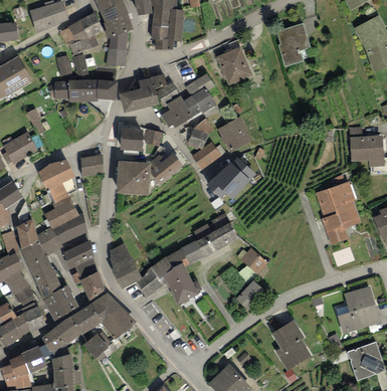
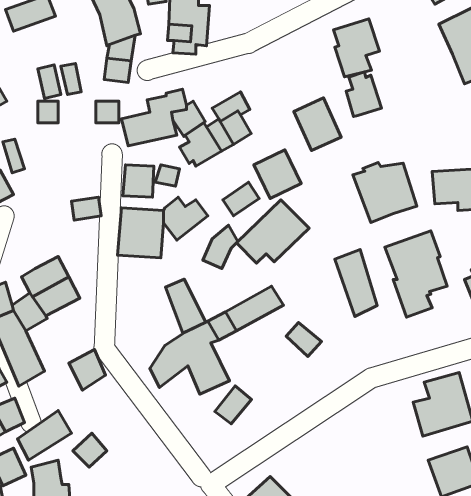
building: [63,17,104,54] -> none
building: [217,48,252,87] -> [294,98,341,151]
building: none -> [346,72,382,116]
building: [71,83,100,103] -> none
building: [187,120,213,152] -> [203,225,238,268]
building: none -> [353,162,417,222]
building: [38,157,73,208] -> none
building: none -> [335,249,377,316]
building: [63,240,94,266] -> none
building: [111,243,141,283] -> [165,279,206,333]
building: [237,277,264,306] -> [215,386,251,424]
building: [42,282,78,318] -> none
building: [71,291,137,339] -> none
building: [271,318,312,370] -> none

